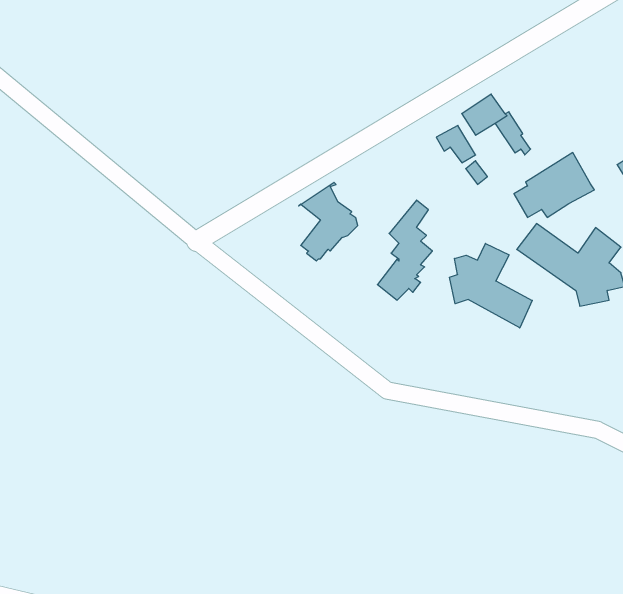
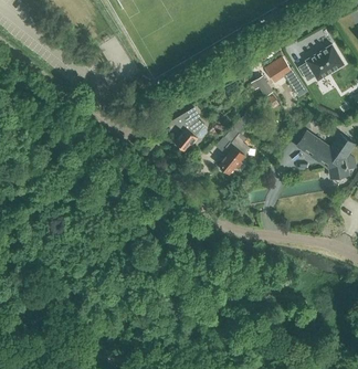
building: [514,153,594,217] -> [298,43,344,80]
building: [449,243,532,328] -> none

